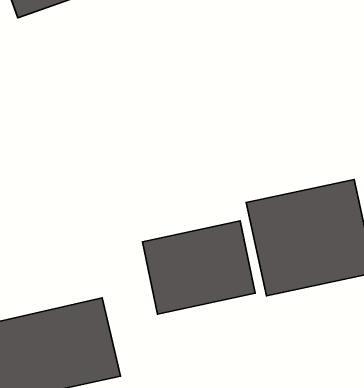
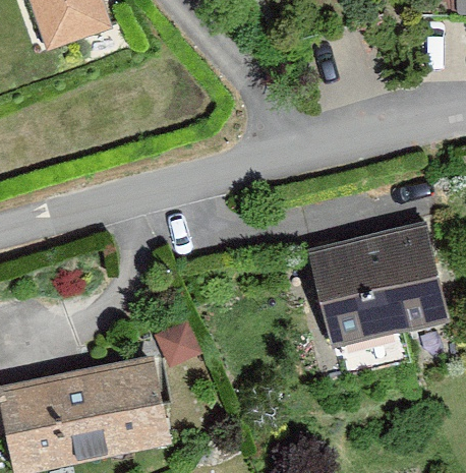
building: [143,221,255,314] -> none

